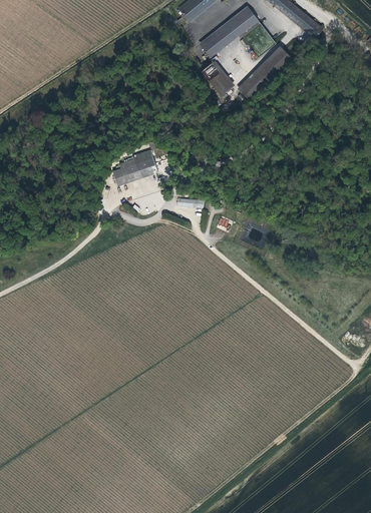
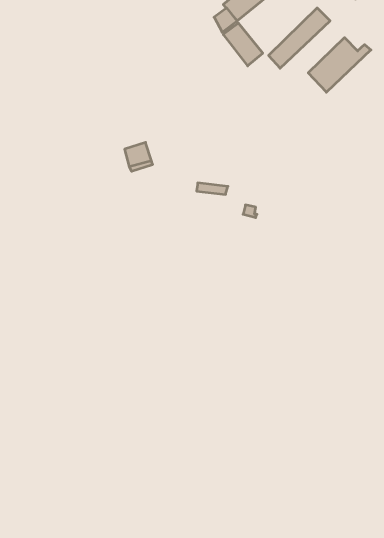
building: none -> [308,38,371,92]
building: [134,146,158,174] -> none

